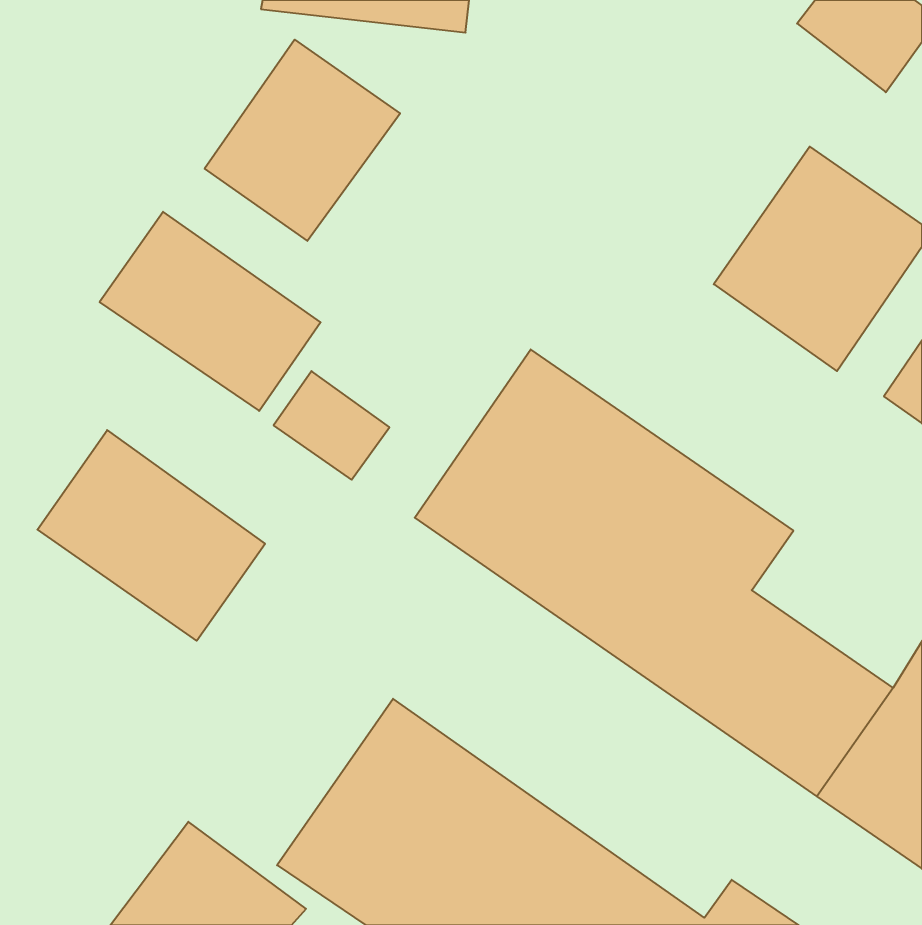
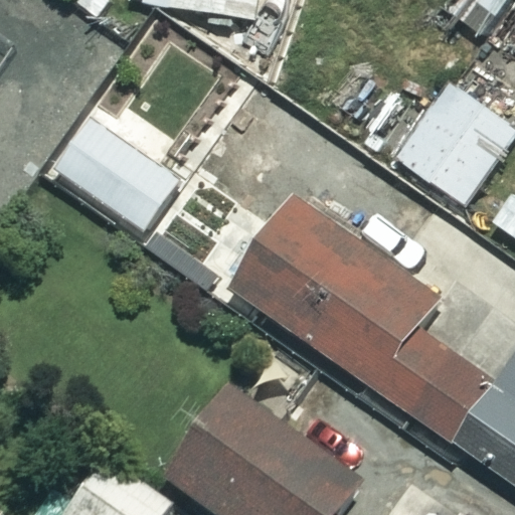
building: [205,40,400,241] -> none
building: [37,430,265,641] -> none

